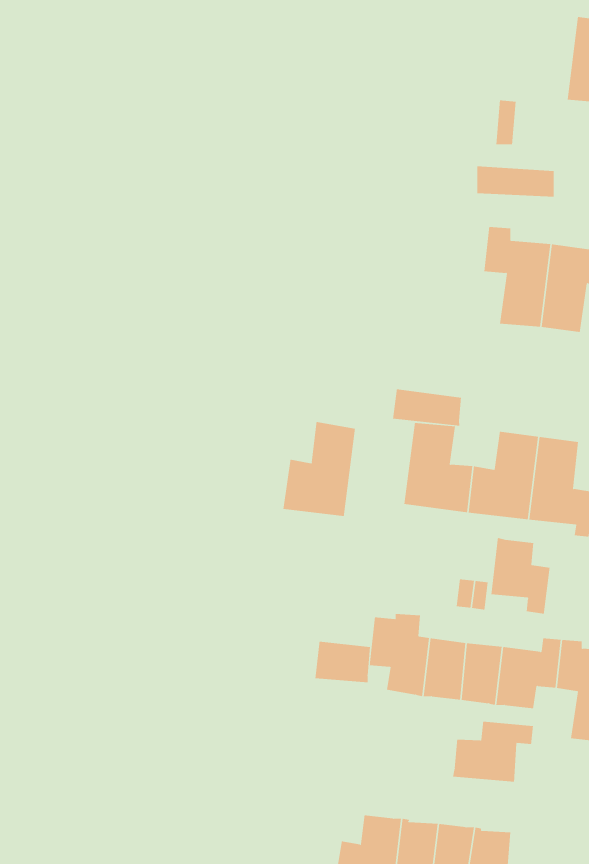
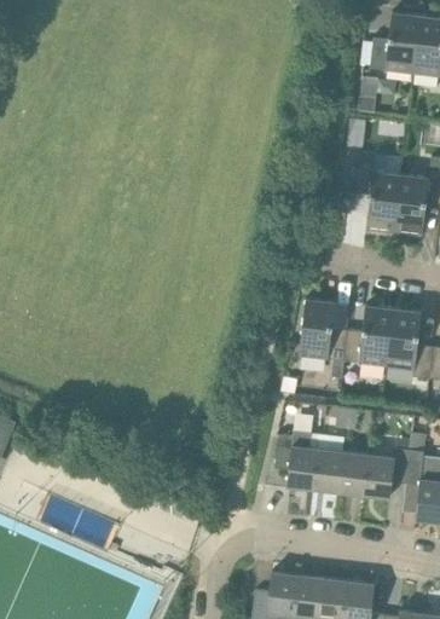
building: none -> [369,12,419,74]
building: [393,389,462,427] -> none
building: [283,421,355,517] -> none
building: [491,537,550,614] -> none
building: [315,641,371,683] -> none
building: [453,721,534,782] -> none

